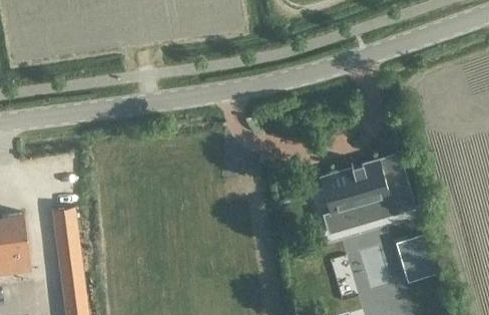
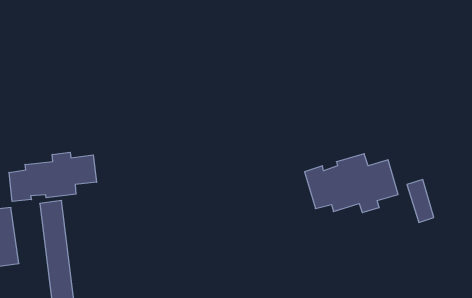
building: none -> [9,152,97,201]
building: [407,237,434,280] -> [407,180,434,222]

